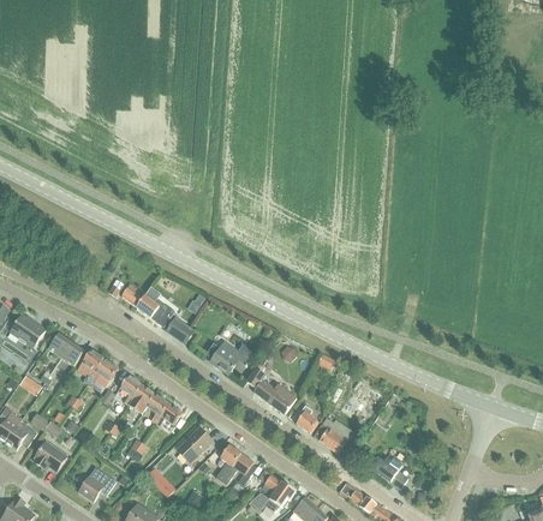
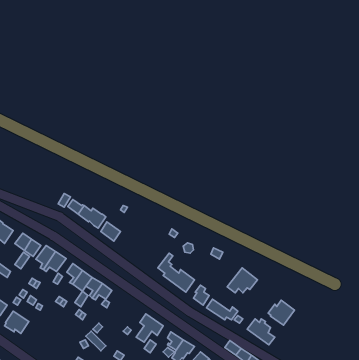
building: [204,340,253,373] -> none
building: none -> [268,300,294,325]
building: [177,426,211,461] -> none
building: [77,466,115,501] -> none

